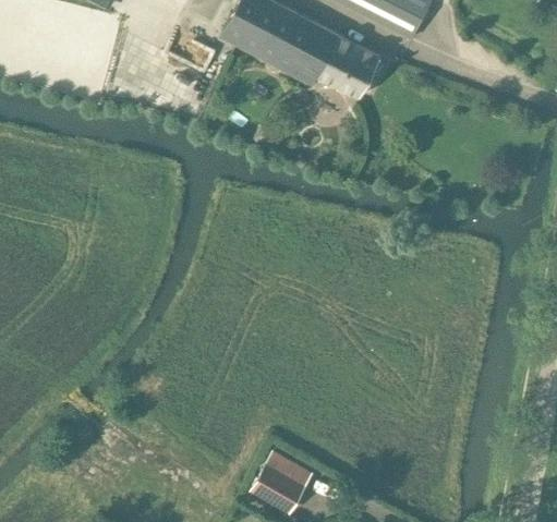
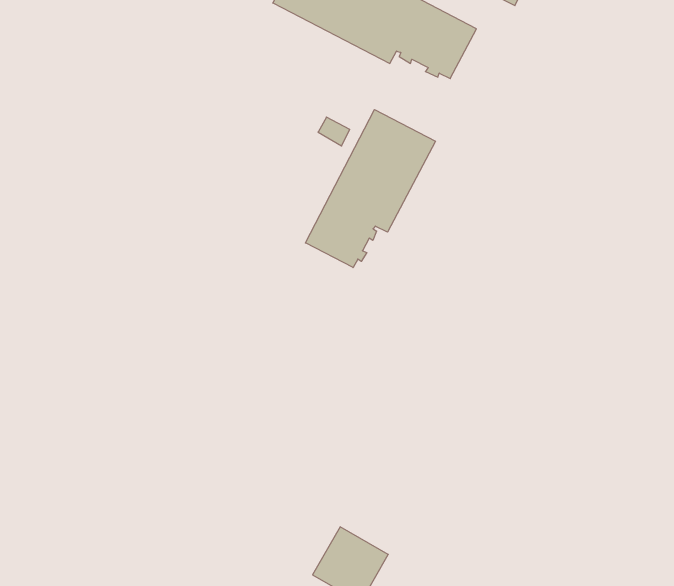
building: none -> [305,110,435,268]

